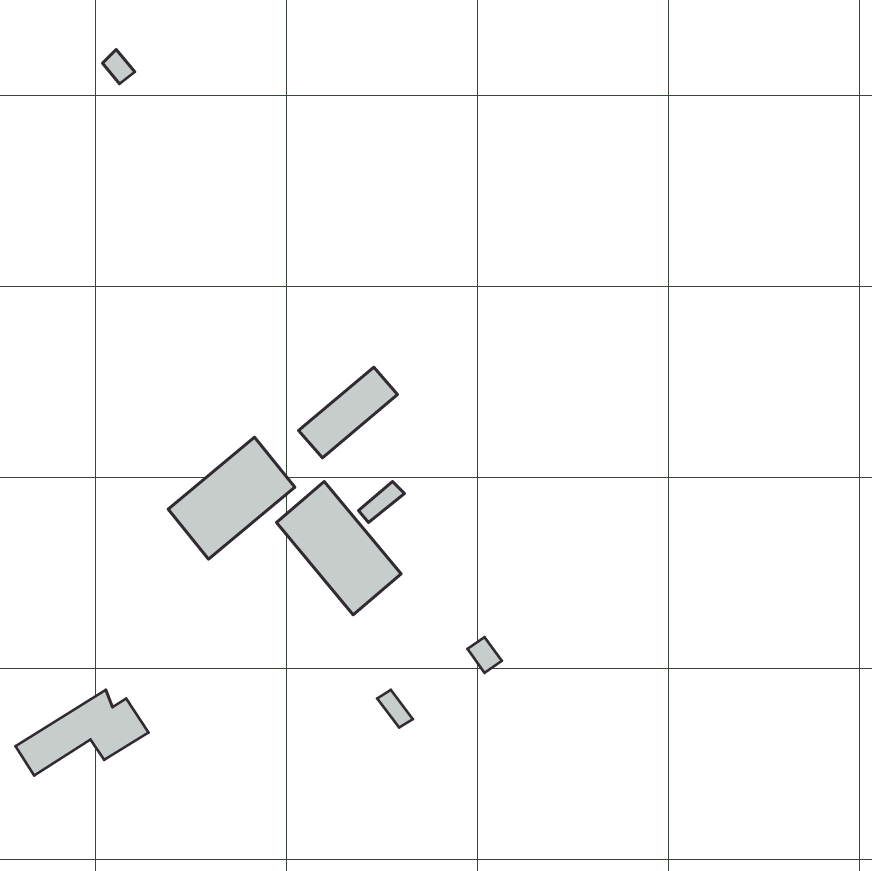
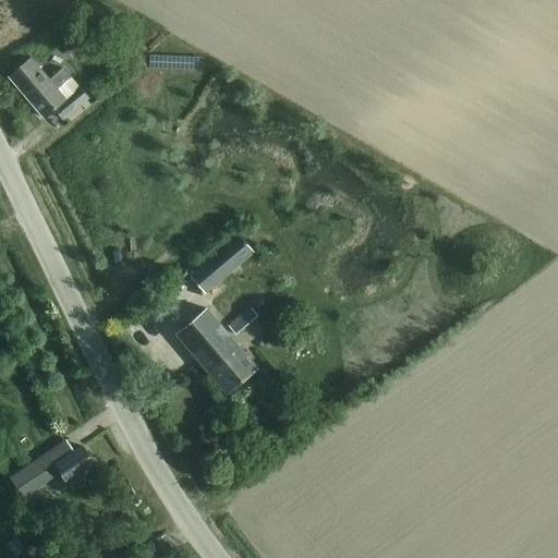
building: none -> [9,58,88,121]
building: [168,437,295,559] -> none

